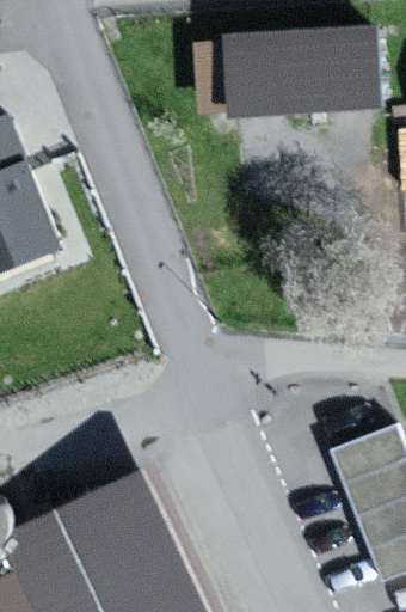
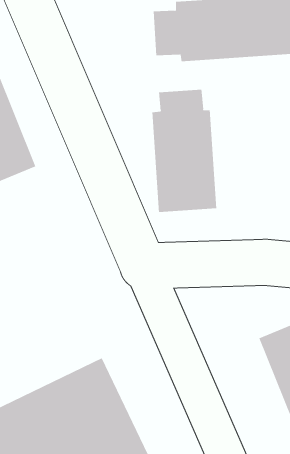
building: none -> [152,89,217,213]

